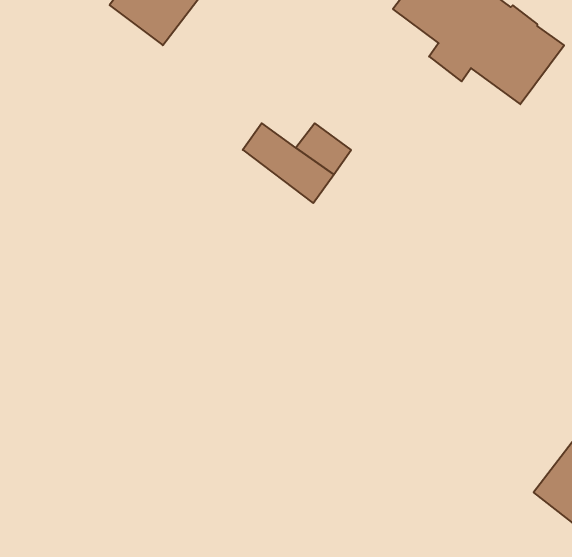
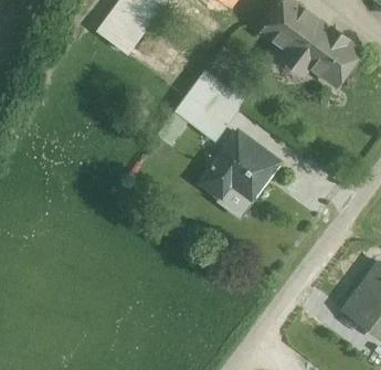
building: none -> [184,71,245,112]
building: none -> [201,134,276,199]

